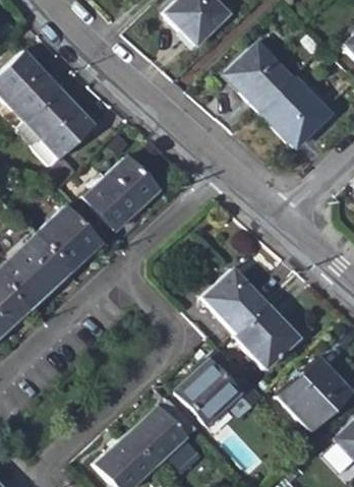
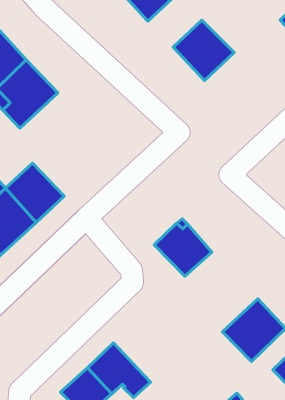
building: [260,78,326,146] -> none
building: [85,157,158,228] -> none
building: [235,305,301,370] -> none
building: [176,360,241,425] -> none

